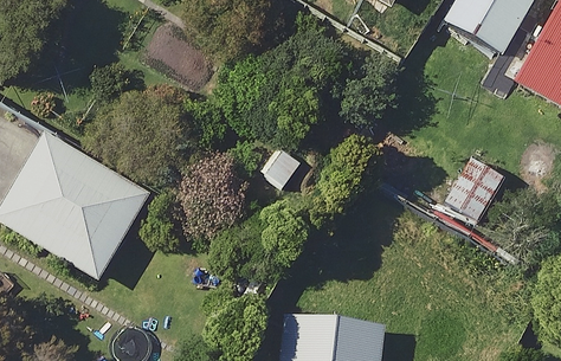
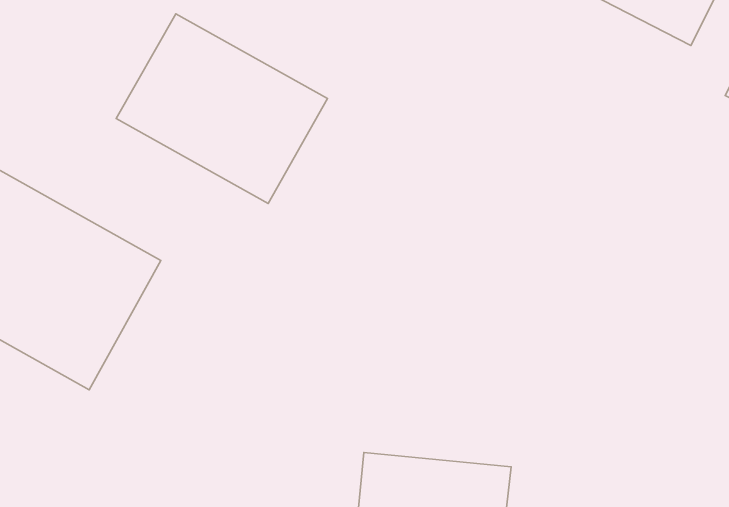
building: none -> [116,14,328,203]

